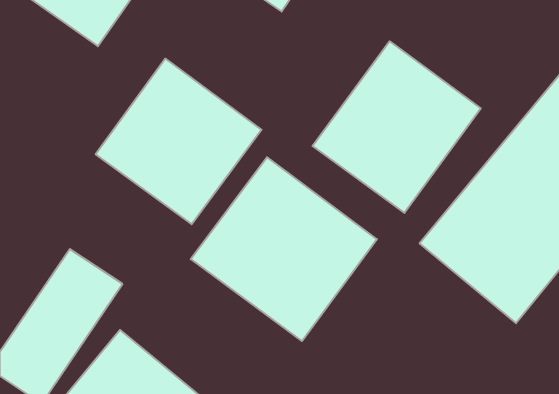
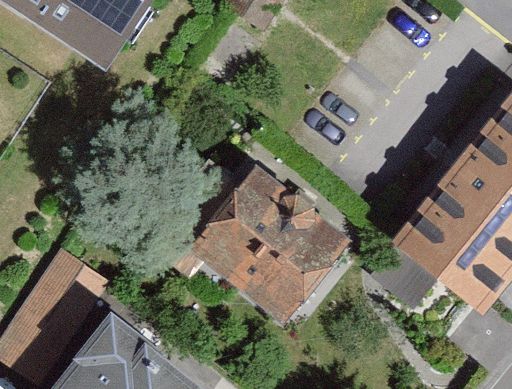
building: [312,41,481,213] -> none
building: [96,59,262,224] -> none

